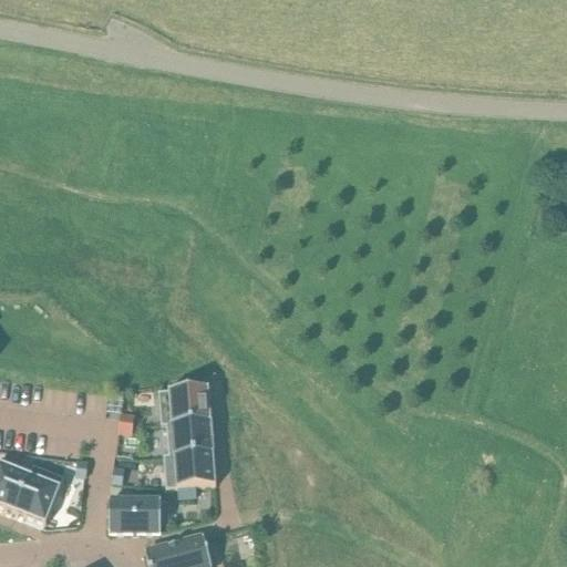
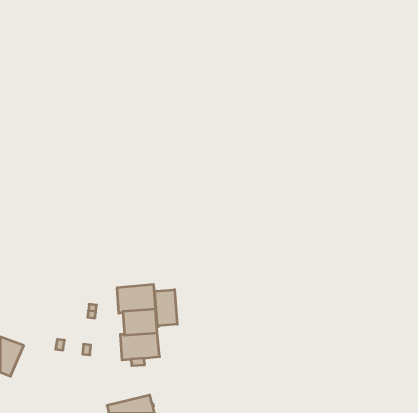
building: none -> [155,290,177,327]
building: [14,463,64,522] -> none
building: [109,498,161,530] -> none

